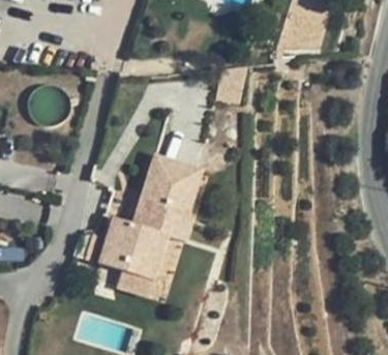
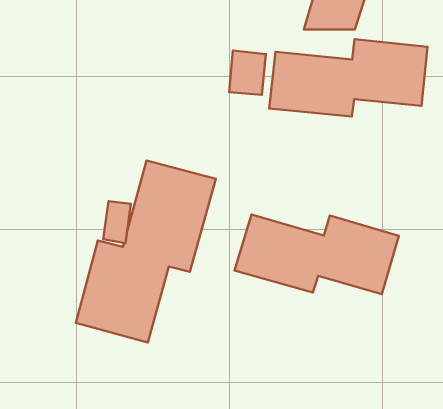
building: none -> [269,39,428,116]
building: none -> [235,215,399,294]

